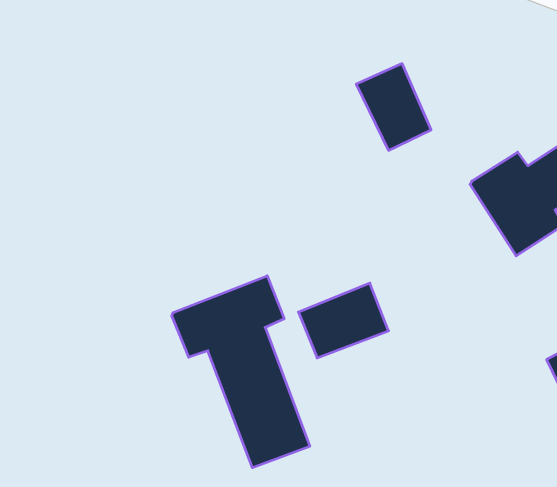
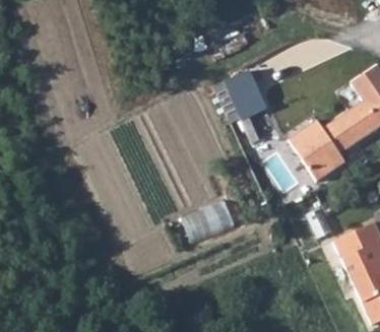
building: [172,276,310,468] -> none

